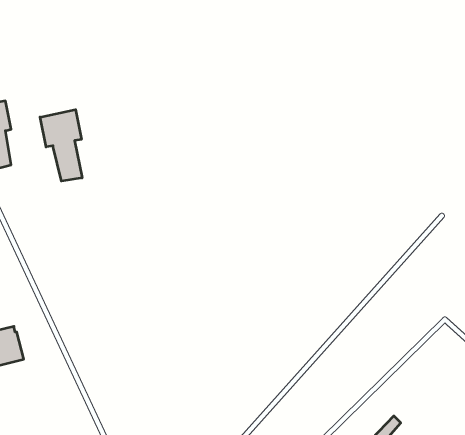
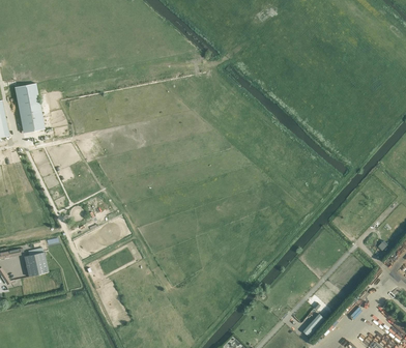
building: [40,110,82,181] -> none

